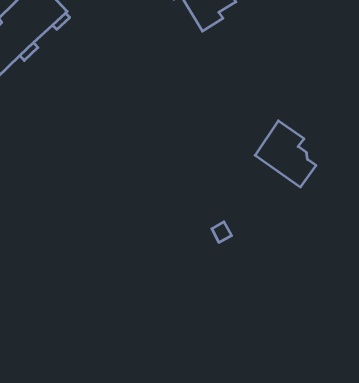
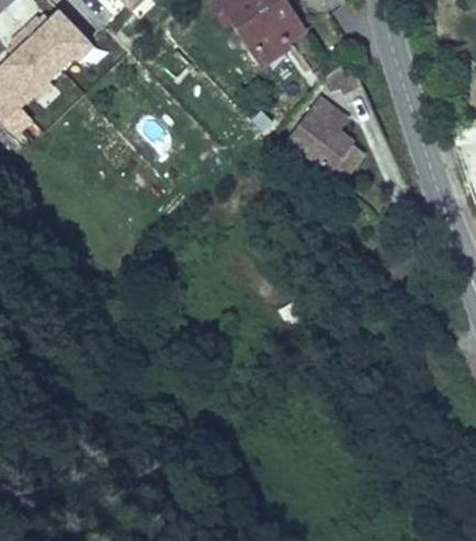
building: [255,121,316,187] -> [285,100,363,184]

